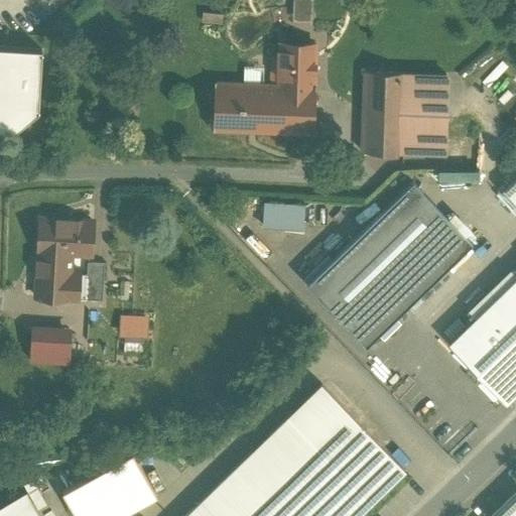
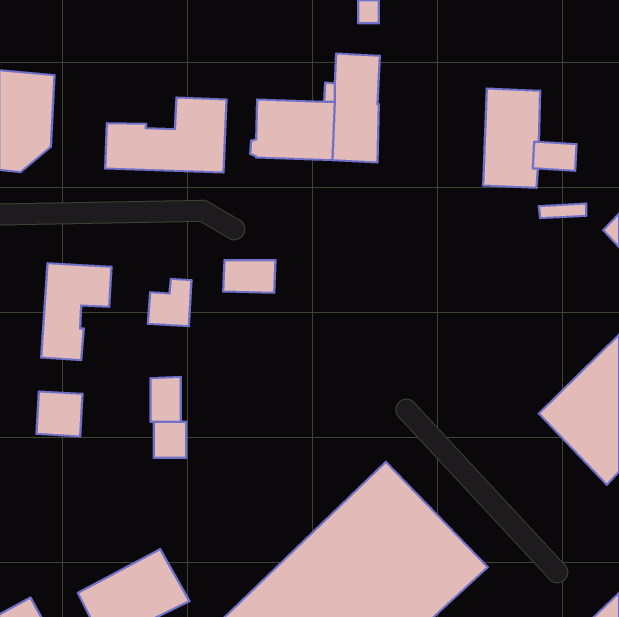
building: [361,75,404,156] -> none
building: none -> [105,98,226,172]
building: [305,183,472,348] -> none
building: [268,204,311,231] -> [223,260,275,293]
building: [68,264,104,303] -> [148,279,191,326]
building: none -> [154,422,186,458]

